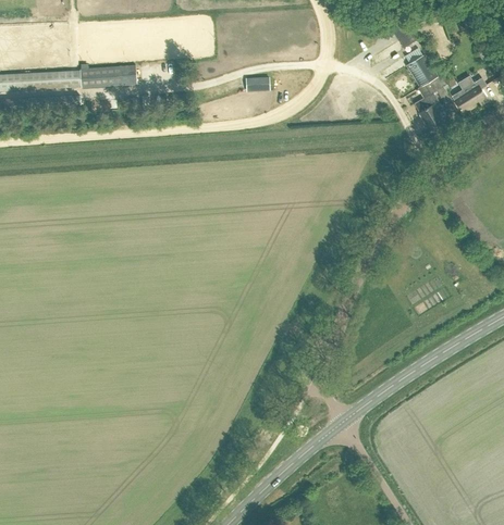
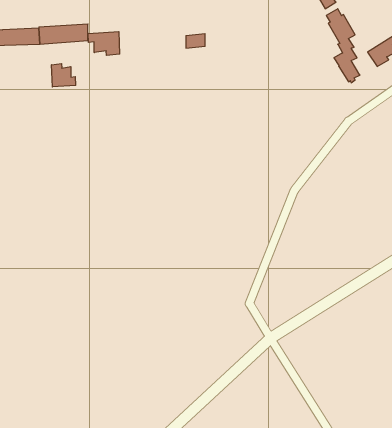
building: none -> [88,32,120,55]
building: none -> [52,64,76,87]

